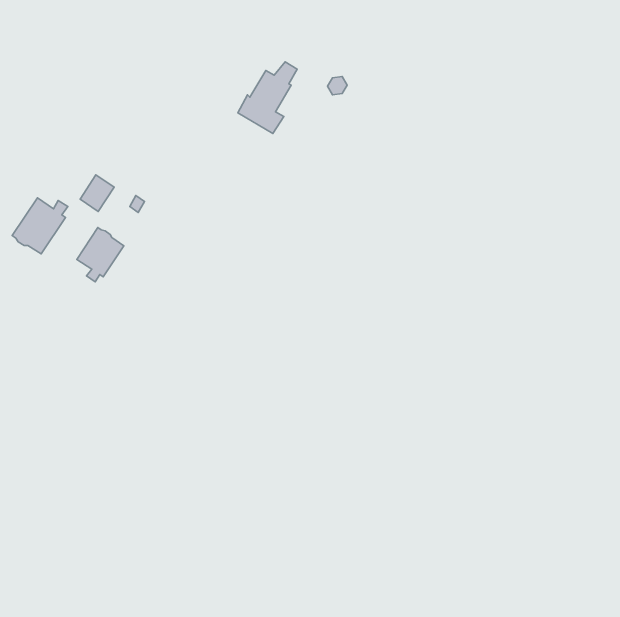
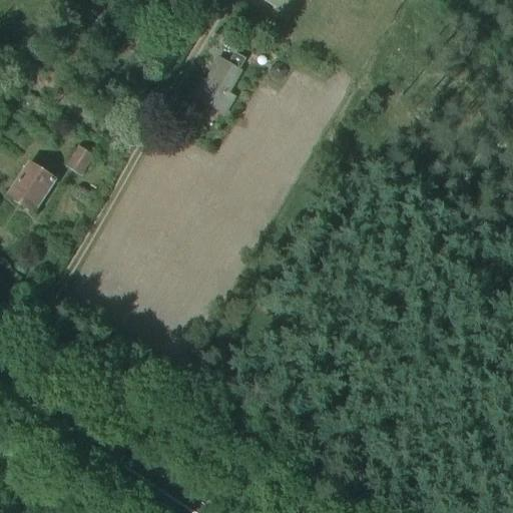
building: [77,228,124,282] -> none

